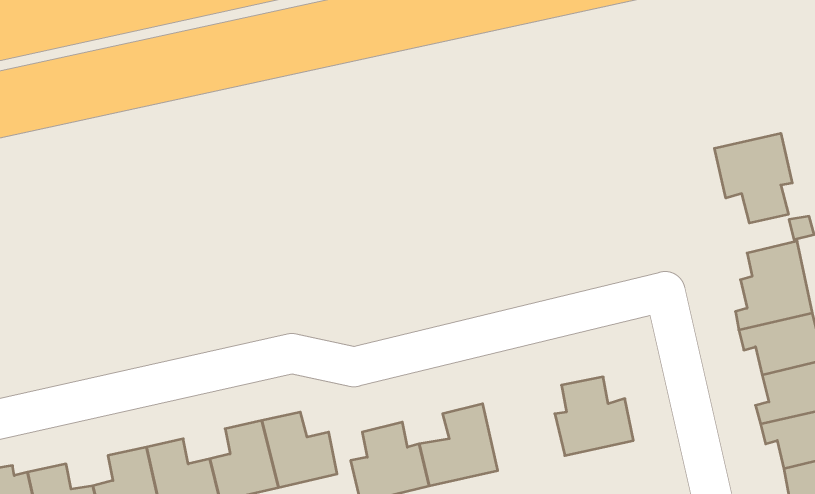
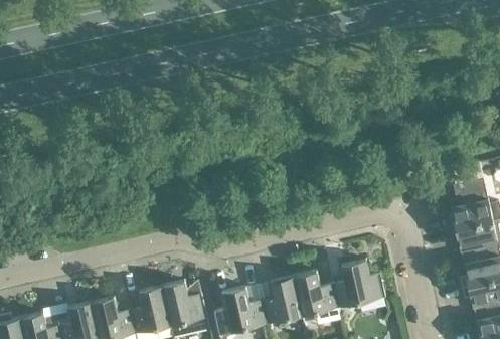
building: [714,133,792,223] -> none
building: none -> [295,271,344,322]

